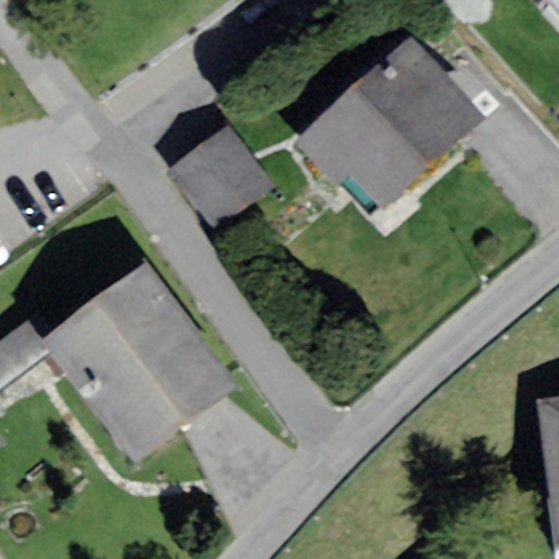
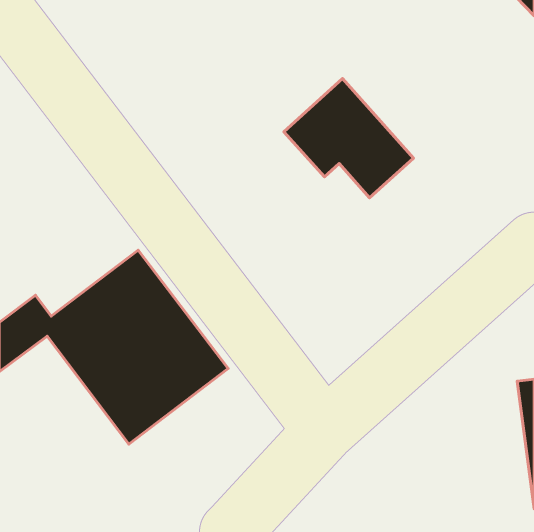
building: [357,34,486,165] -> none
building: [167,121,272,227] -> none

